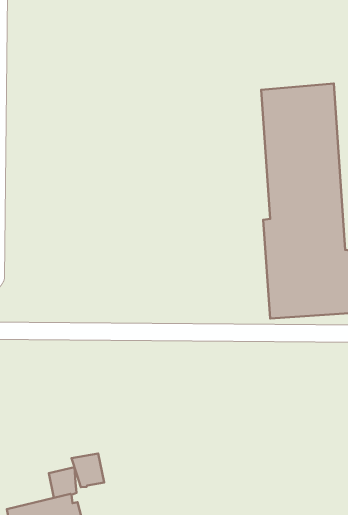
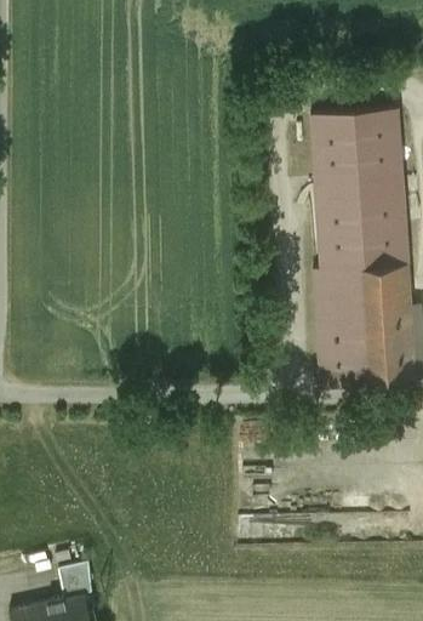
building: [71,453,104,487] -> none

